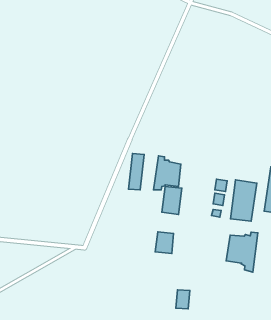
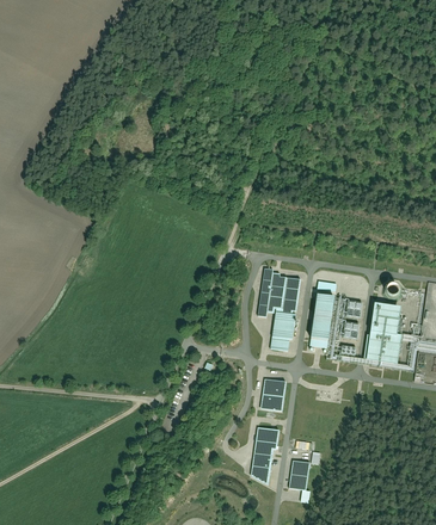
building: [128,154,144,190] -> [312,295,334,347]
building: [226,232,258,272] -> none
building: none -> [250,427,277,488]

